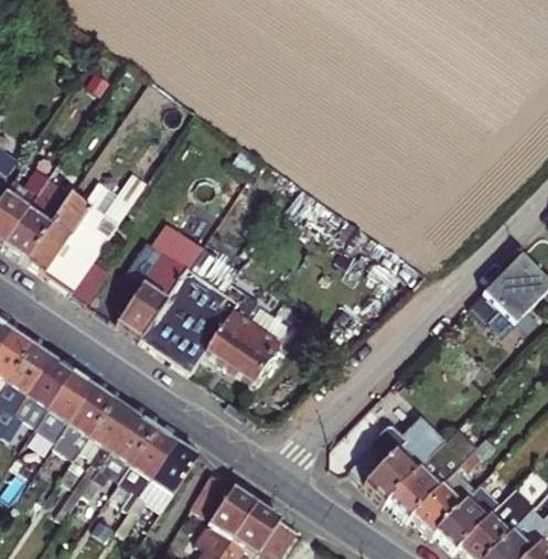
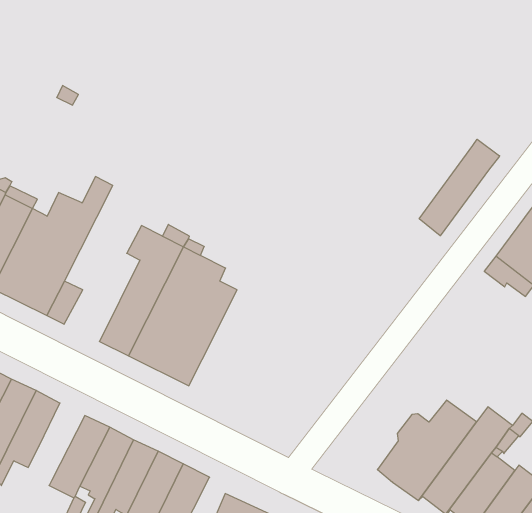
building: none -> [419,139,500,236]
building: [205,292,287,383] -> none
building: [35,373,93,441] -> none

